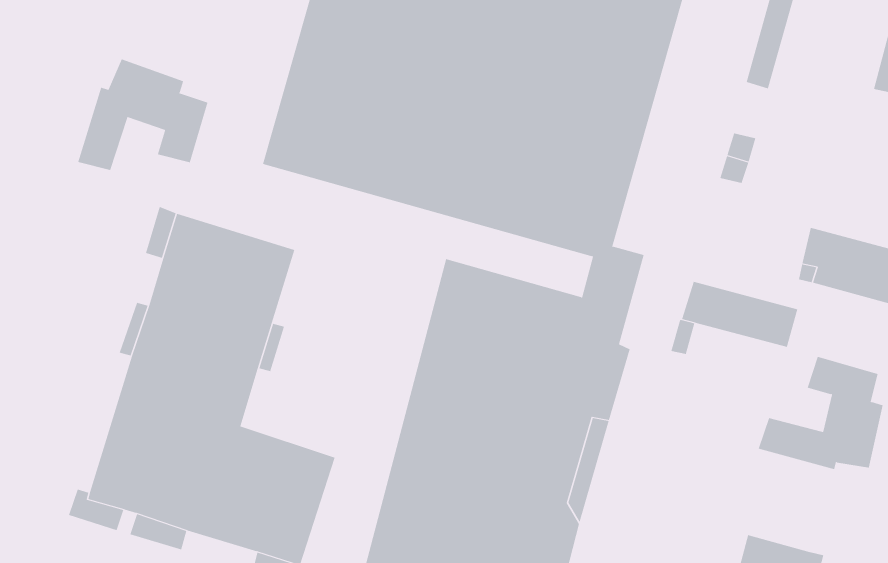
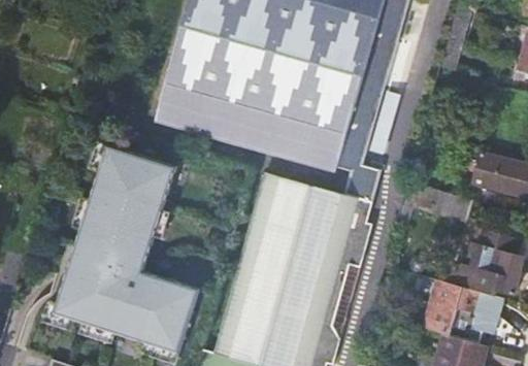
building: [78,58,208,171] -> none
building: none -> [425,281,503,344]

